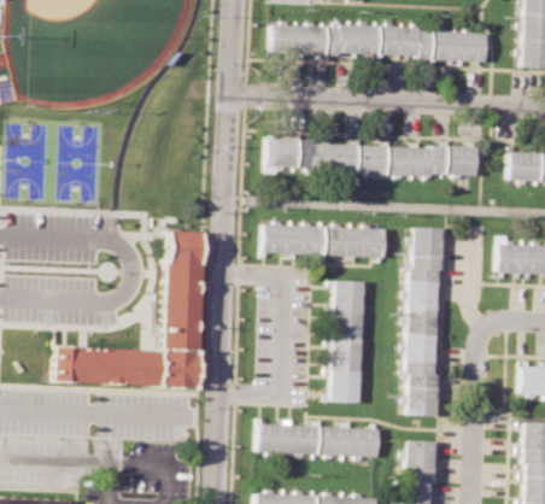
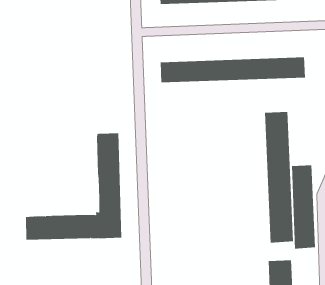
building: [264,223,385,257] -> none
building: [330,281,365,402] -> [291,165,316,249]
building: [256,423,377,457] -> none

